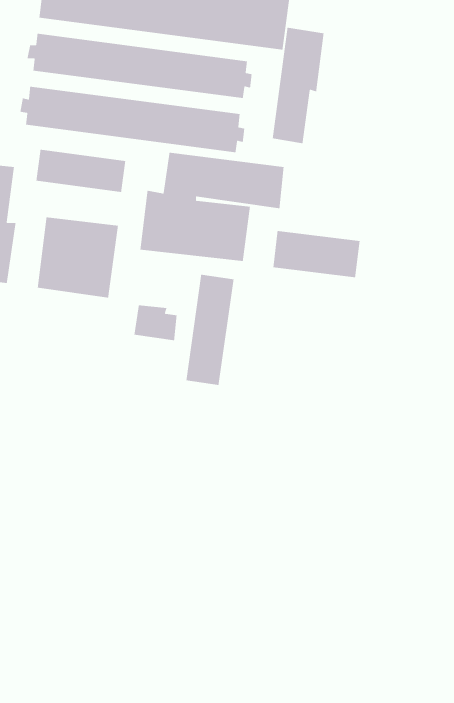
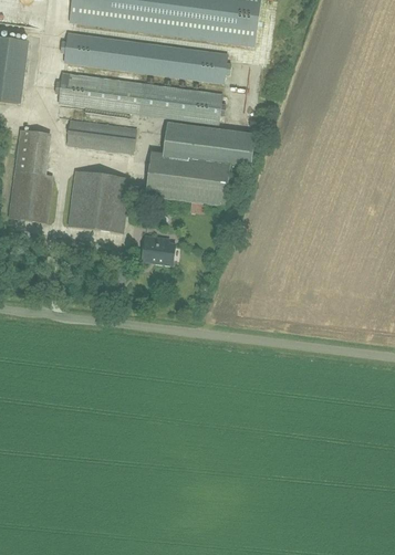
building: [272,27,325,144] -> none
building: [272,230,360,278] -> none
building: [185,274,234,386] -> none

